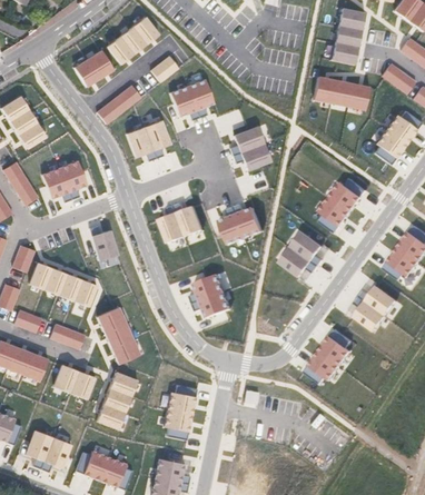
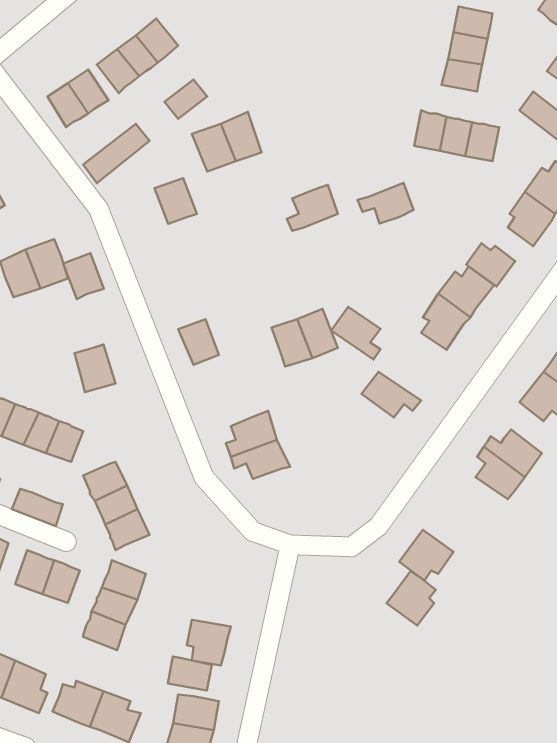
building: [126,127,152,157] -> [63,253,104,299]
building: [234,143,270,170] -> [358,183,414,224]
building: none -> [466,243,515,287]
building: [177,206,205,236] -> none
building: [290,231,323,266] -> [331,307,380,360]
building: [319,329,352,365] -> [387,571,436,625]
building: [168,392,197,414] -> [168,656,212,690]

